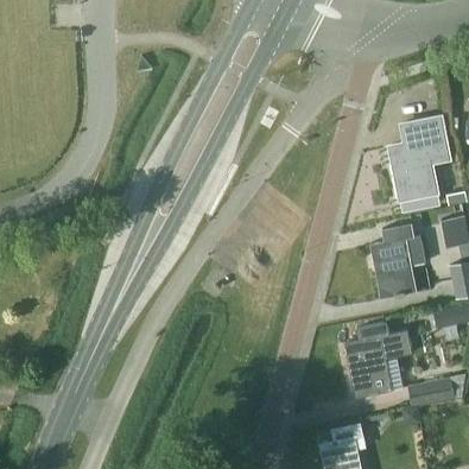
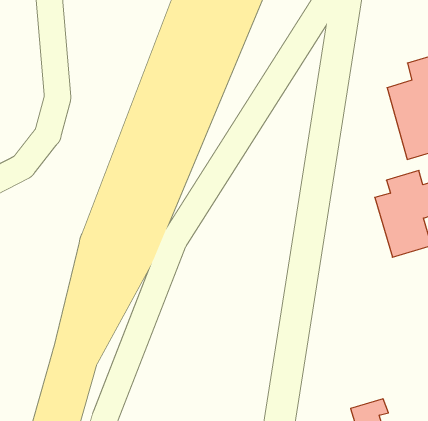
building: [346,319,400,393] -> none

